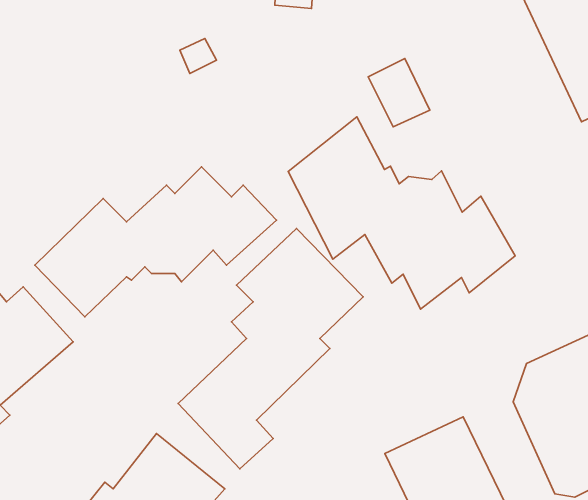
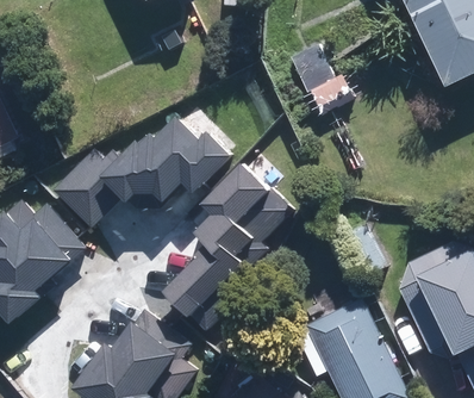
building: [288,117,515,309] -> none

